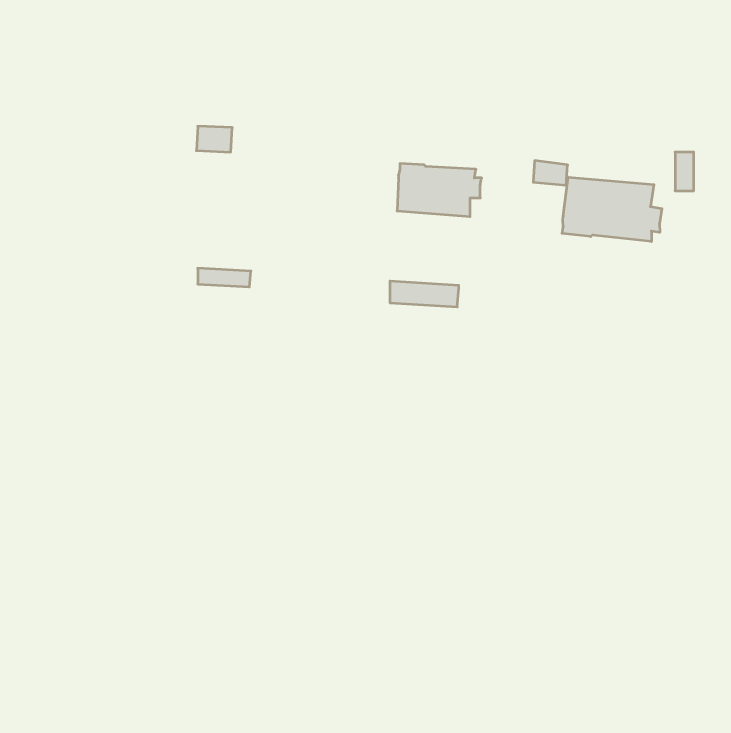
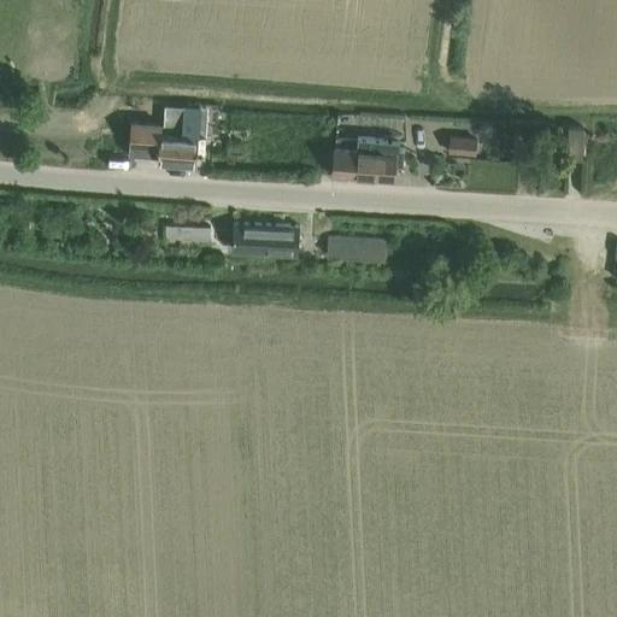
building: none -> [130,123,196,165]
building: [562,177,662,242] -> none
building: none -> [233,224,300,253]

